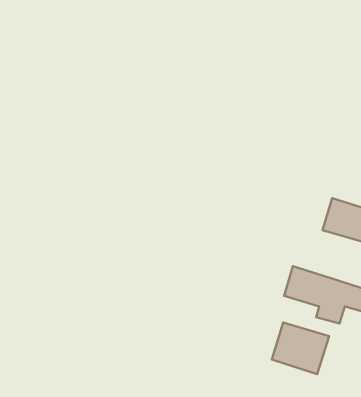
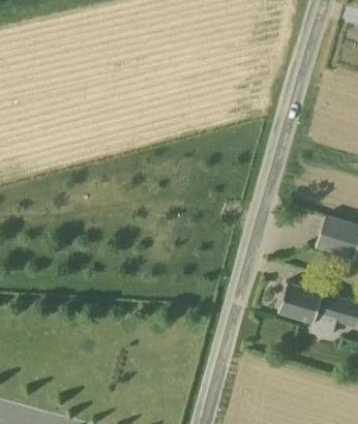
building: [272,323,329,374] -> none

